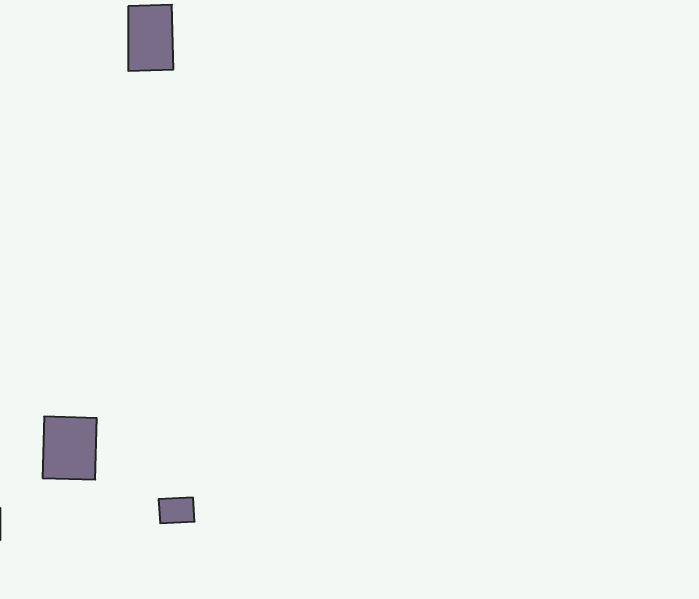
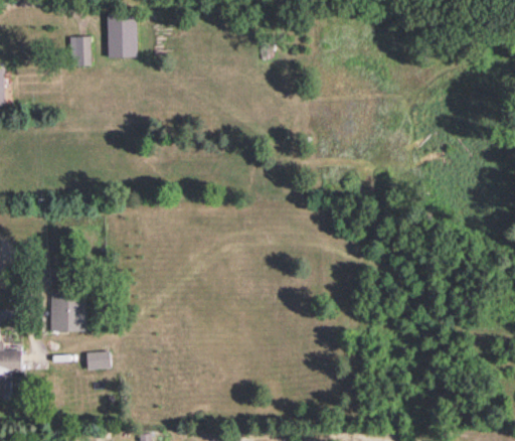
building: none -> [70,37,90,66]
building: [159,498,195,523] -> [85,352,110,370]

